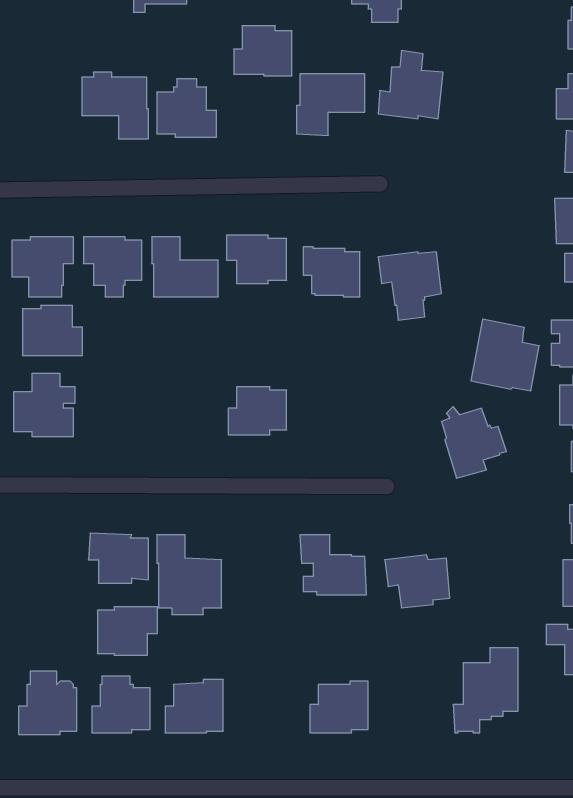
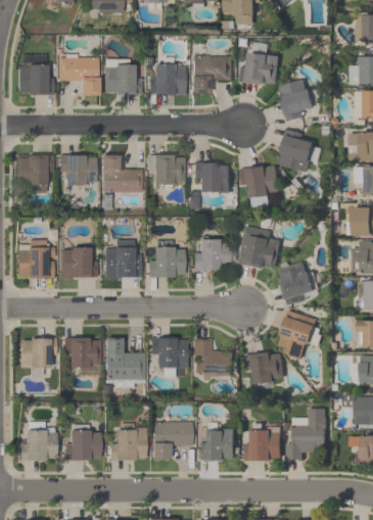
building: [234,26,292,76] -> [148,63,184,94]
building: none -> [17,54,53,94]
building: none -> [280,78,321,120]
building: none -> [279,128,314,171]
building: [22,305,82,355] -> [59,247,96,278]
building: [471,319,539,391] -> [239,224,281,268]
building: none -> [103,239,140,279]
building: none -> [192,239,229,270]
building: none -> [279,309,322,360]
building: none -> [150,336,186,377]
building: [97,607,157,655] -> [19,338,56,368]
building: none -> [151,422,191,460]
building: none -> [244,423,281,460]

